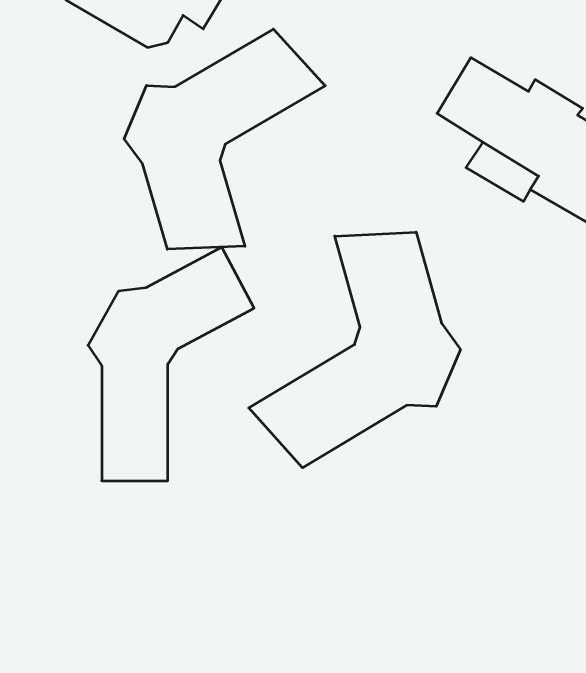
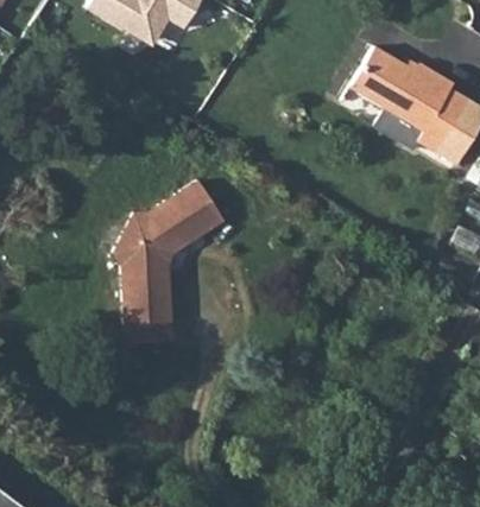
building: [124,29,325,249] -> none
building: [249,232,460,468] -> none

